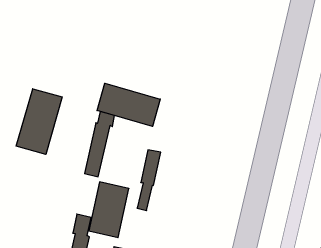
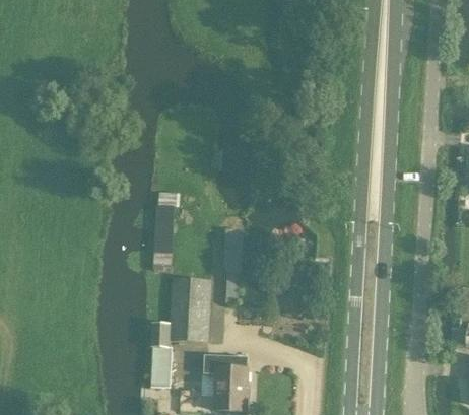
building: [97,83,160,126] -> none
building: [16,89,62,154] -> none

